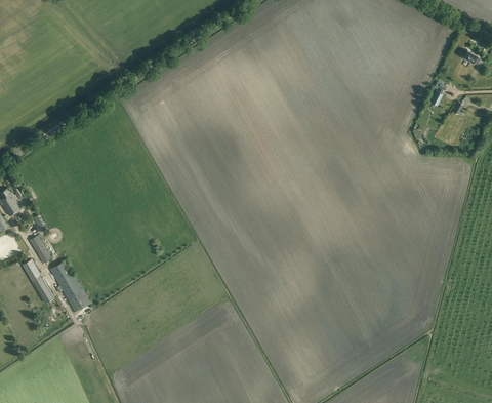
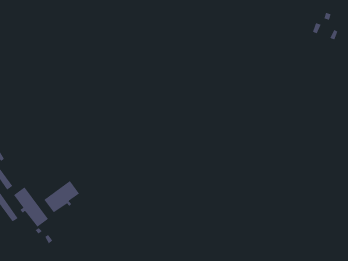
building: none -> [44,180,80,213]

